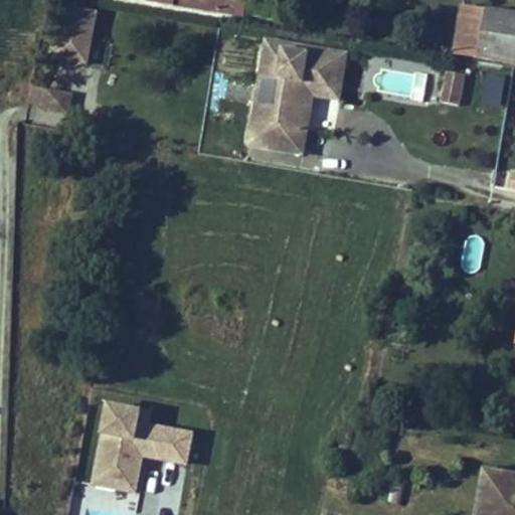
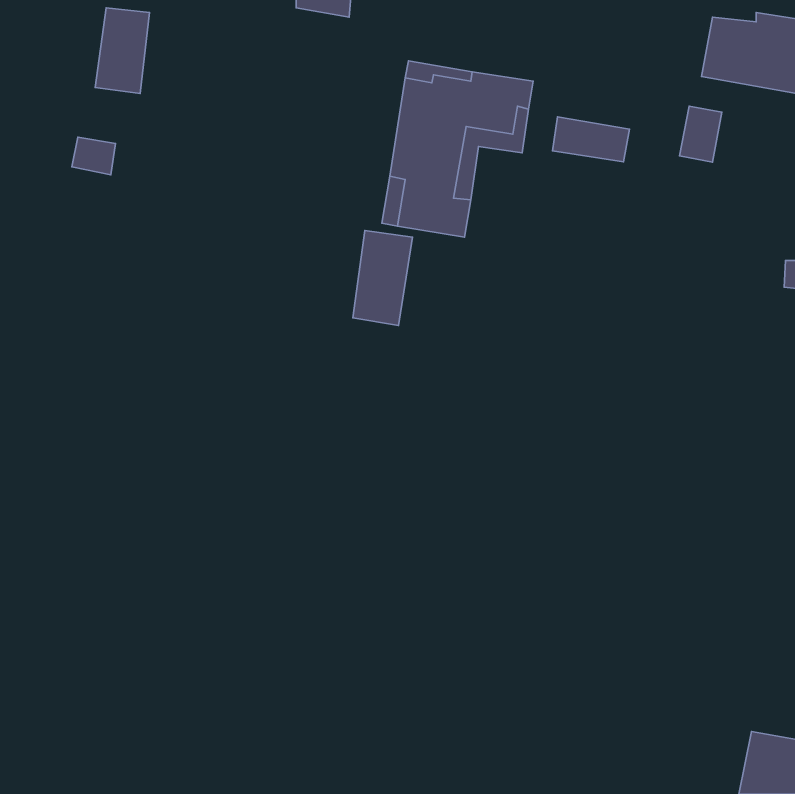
building: none -> [552,117,630,162]
building: none -> [353,231,412,326]
building: [91,402,195,494] -> none

